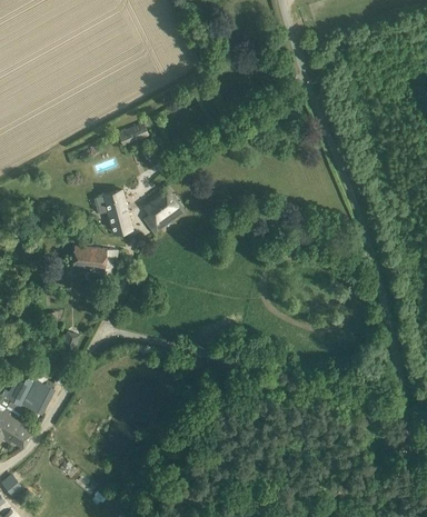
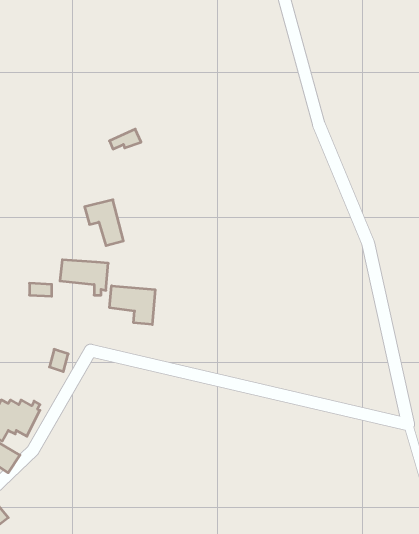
building: [142,187,183,233] -> none
building: none -> [110,286,155,325]

